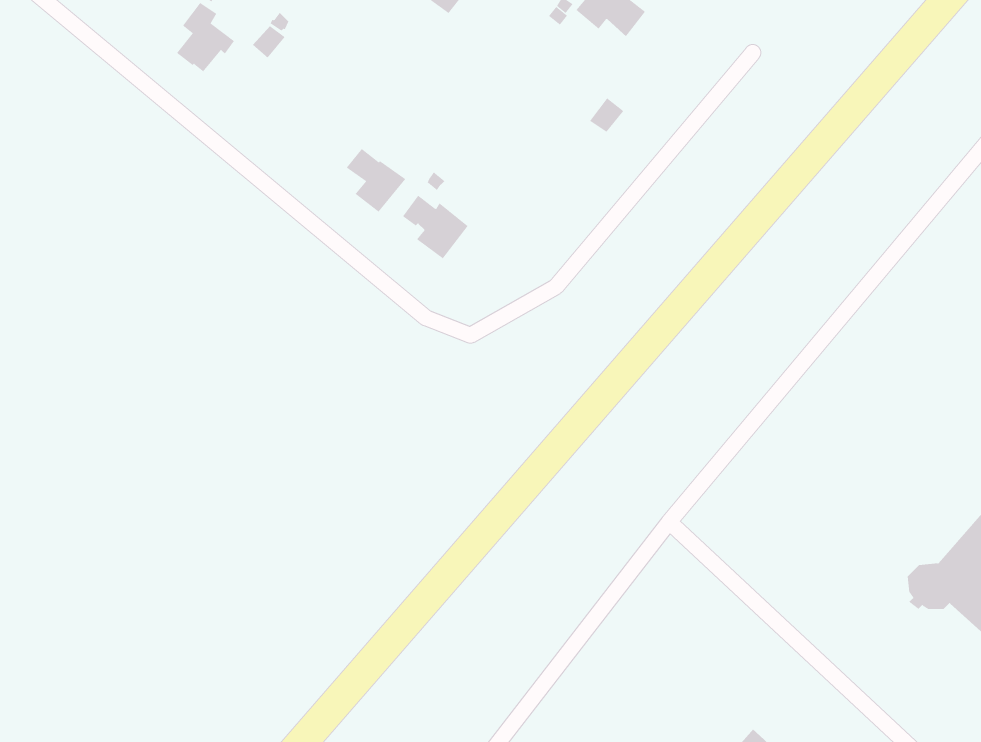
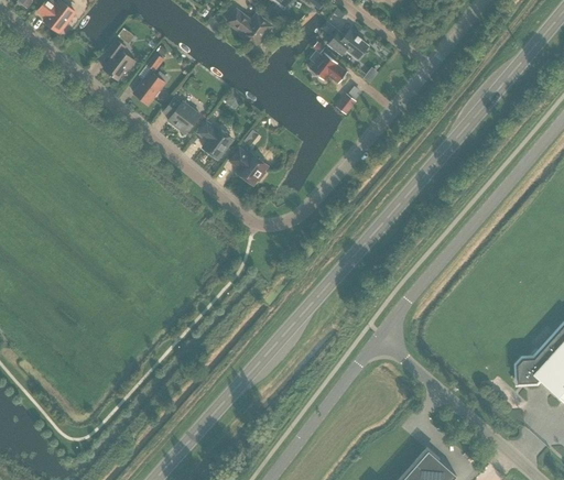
building: none -> [311,53,347,84]
building: none -> [133,72,164,105]
building: none -> [163,98,199,132]

